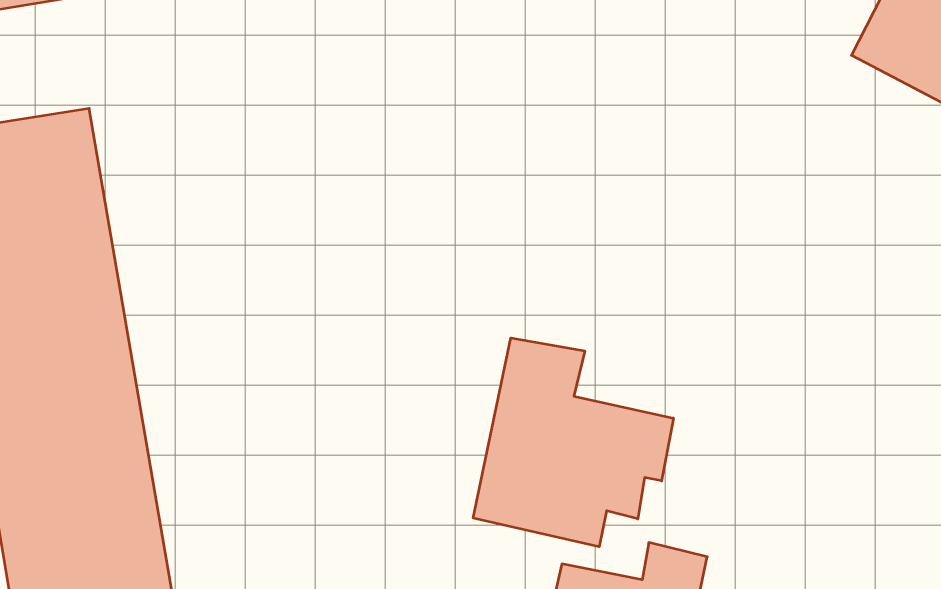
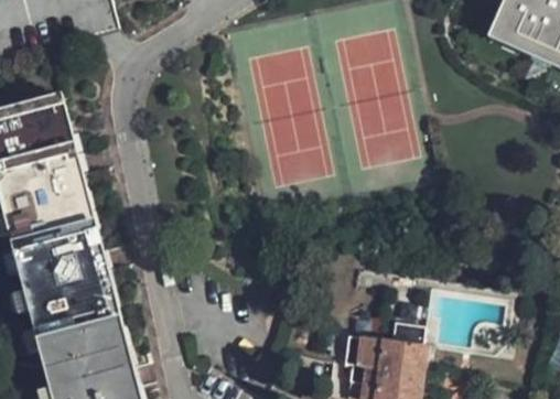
building: [473,338,673,547] -> none

